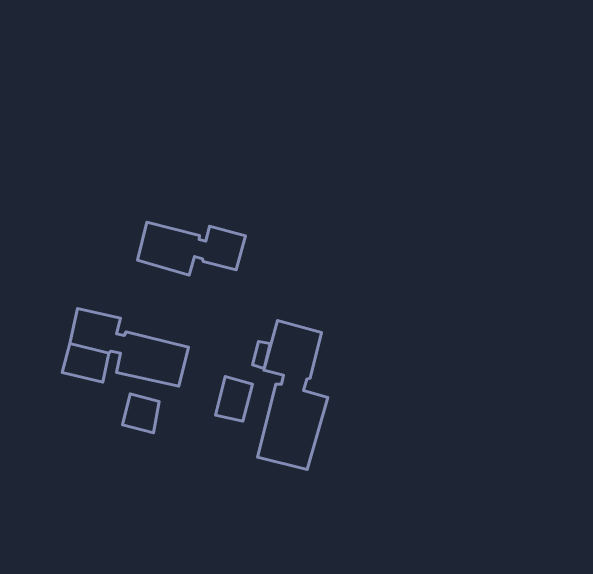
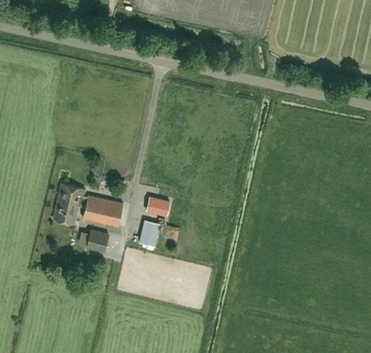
building: [137,222,245,275] -> none
building: [258,320,328,470] -> none

